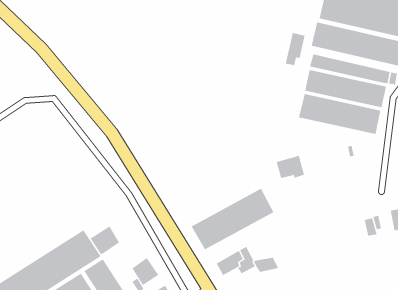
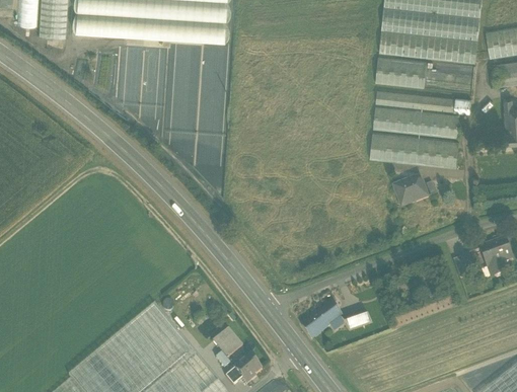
building: [285,32,305,66] -> none
building: [276,155,305,179] -> [394,175,427,203]
building: [191,188,274,250] -> none
building: [90,226,120,256] -> none

